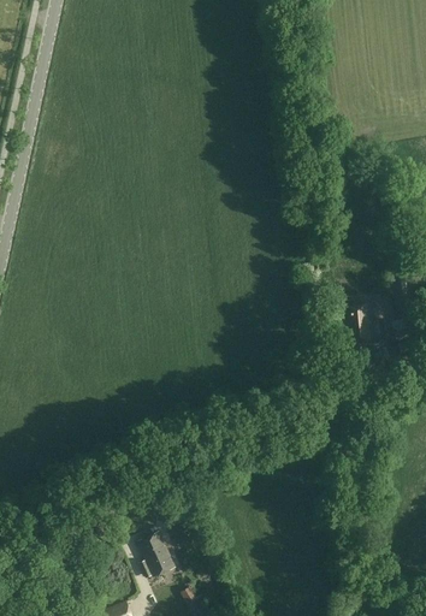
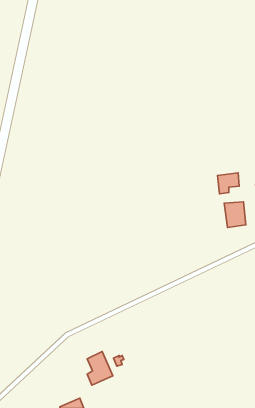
building: none -> [217,173,239,194]

